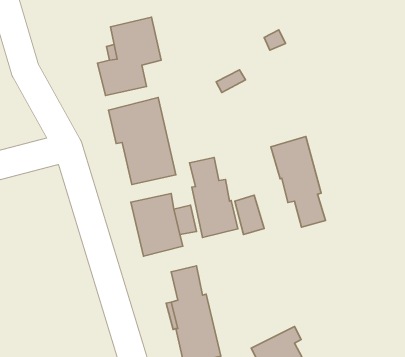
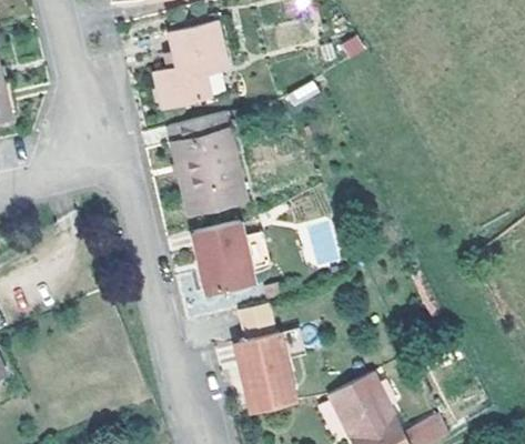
building: [271,136,326,227] -> none
building: [190,158,238,237] -> none

